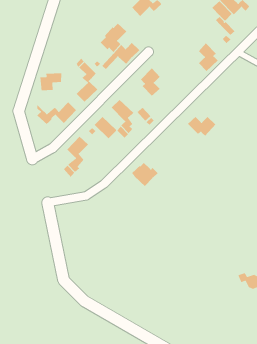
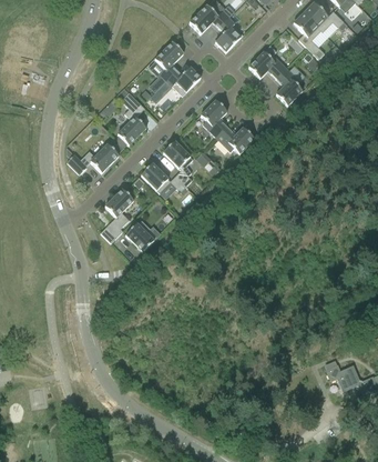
building: none -> [215,17,243,51]
building: none -> [248,44,286,78]
building: [40,72,62,91] -> none
building: [187,116,216,137] -> [216,127,254,153]
building: [131,162,158,187] -> [125,219,161,251]

